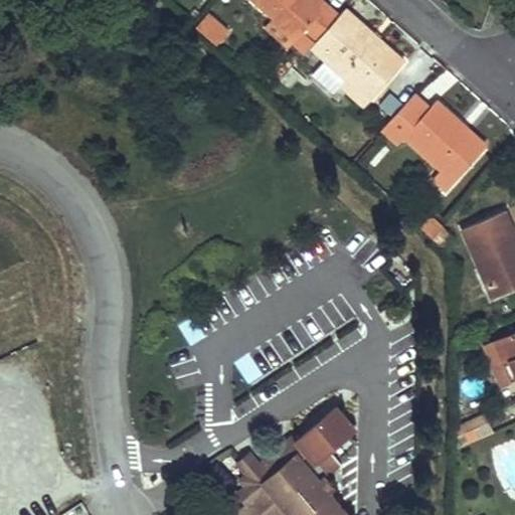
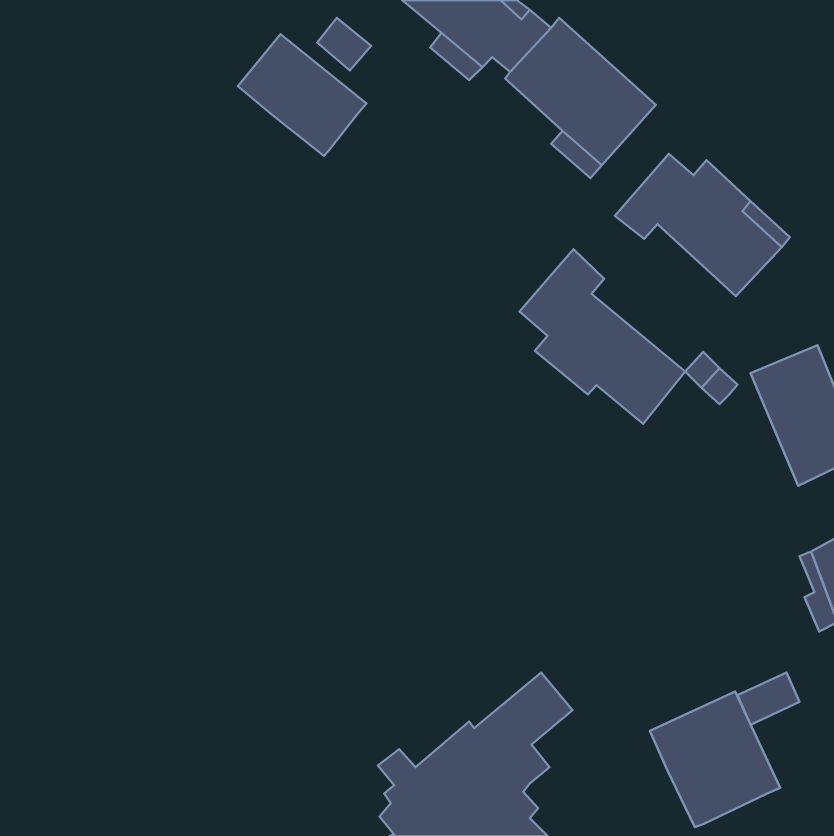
building: none -> [238,34,366,156]
building: none -> [519,249,685,424]
building: none -> [650,691,780,827]

